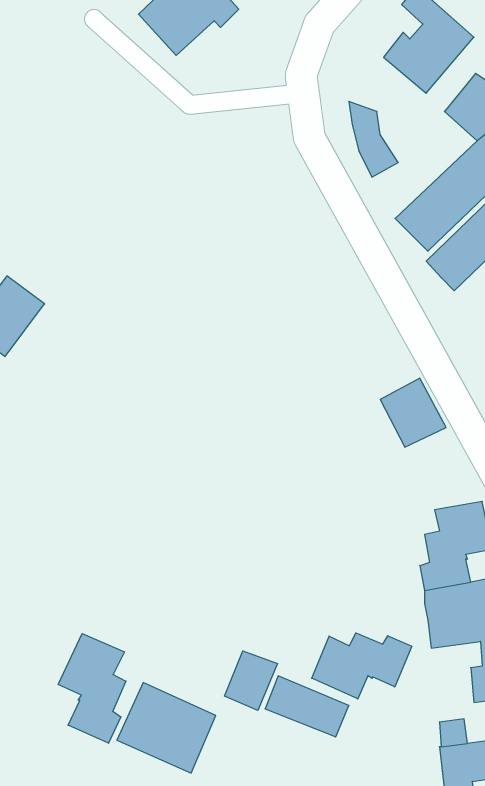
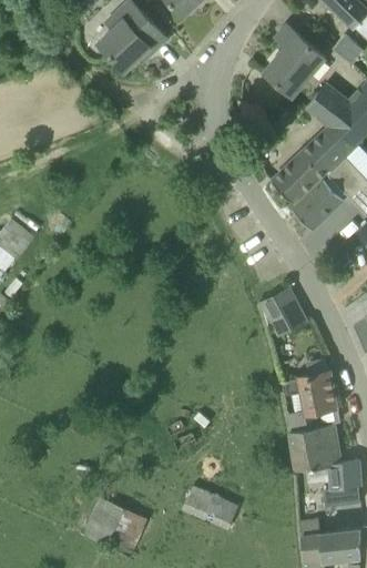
building: [312,633,412,699] -> none
building: [58,634,126,743] -> none
building: [224,651,277,710] -> none

